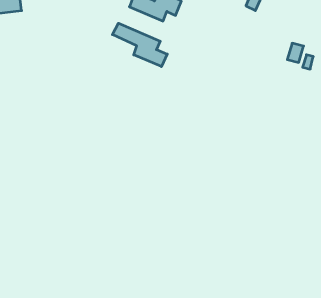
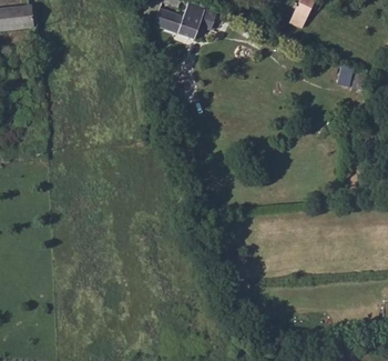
building: [112,23,167,67] -> none

